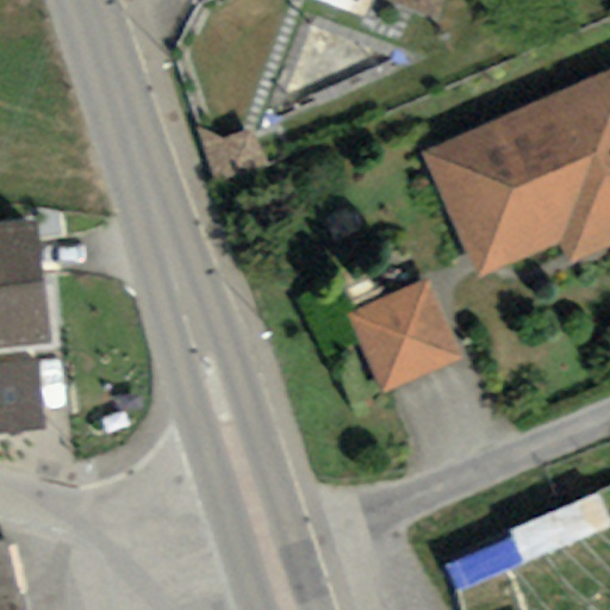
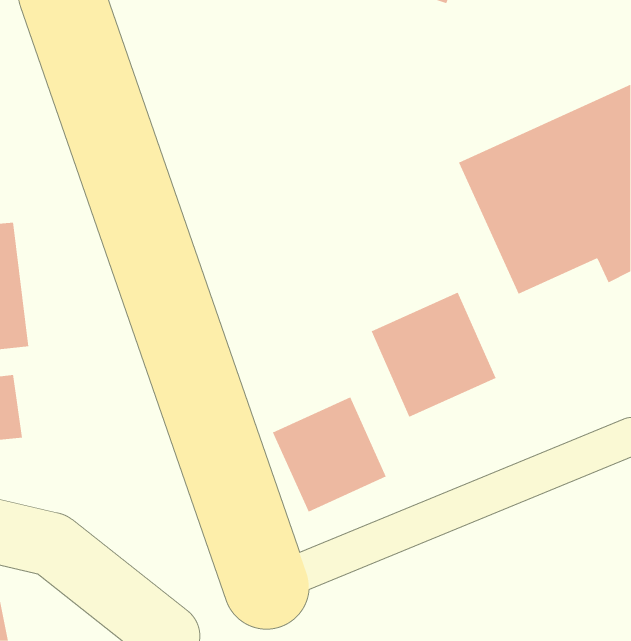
building: none -> [272,396,386,512]

